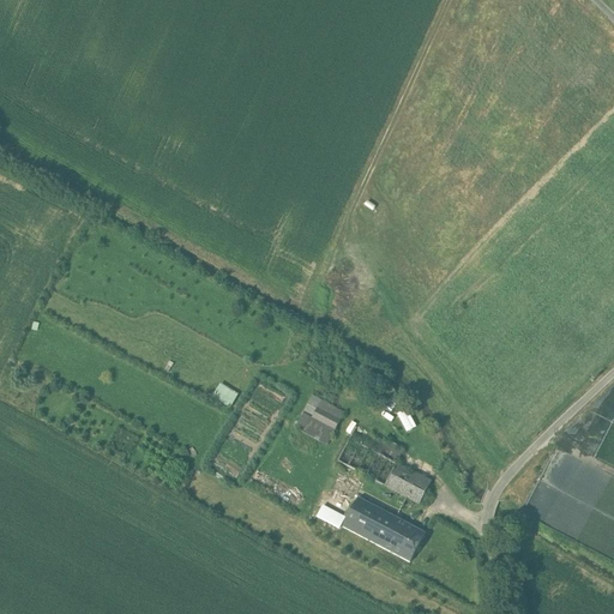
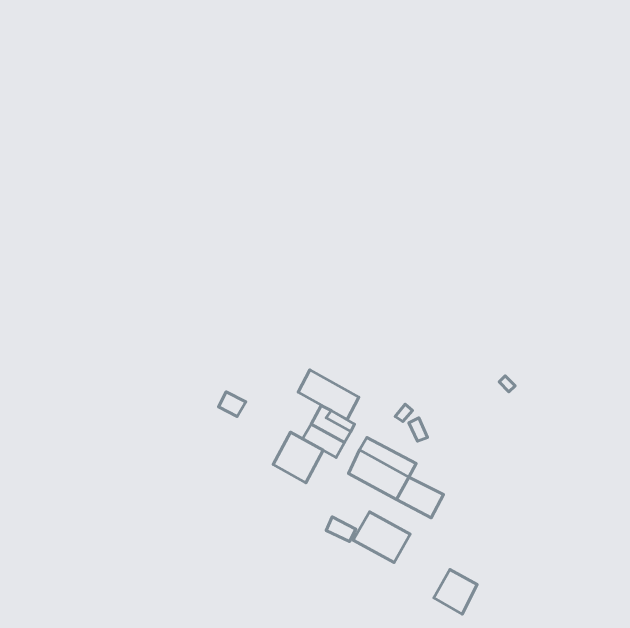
building: none -> [298,370,359,419]
building: none -> [273,432,323,483]
building: [383,518,425,561] -> [434,570,477,614]

